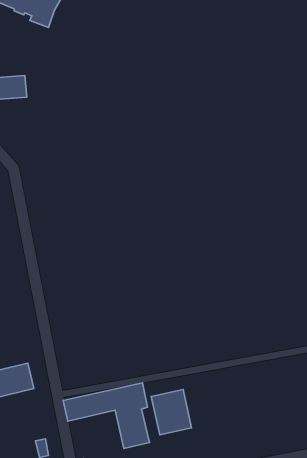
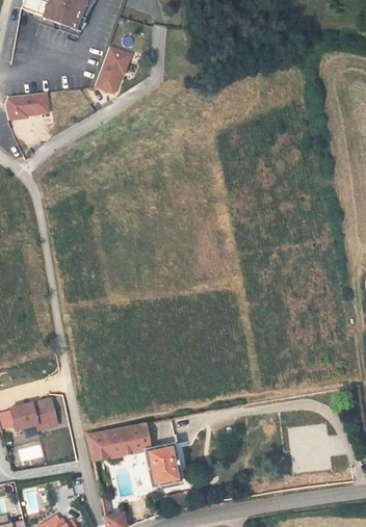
building: none -> [95,45,132,95]
building: [151,389,192,435] -> none

